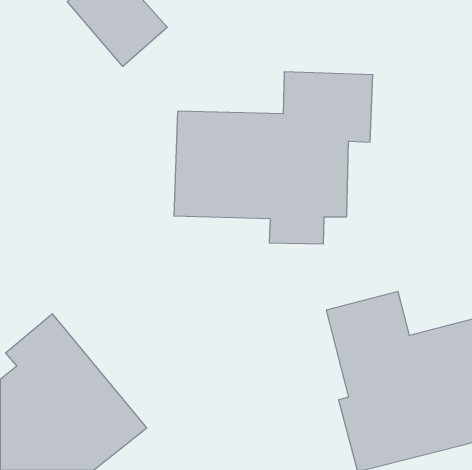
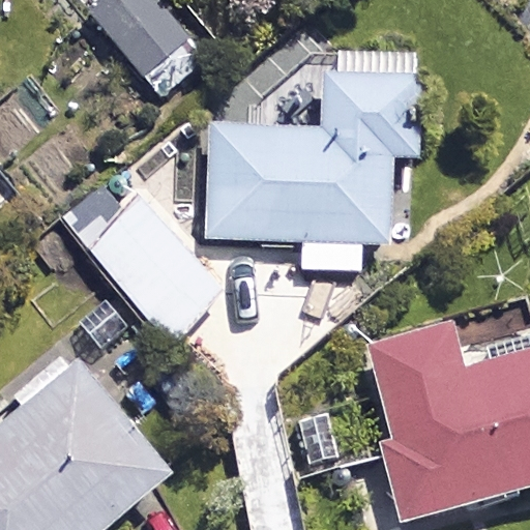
building: none -> [75,174,232,337]

